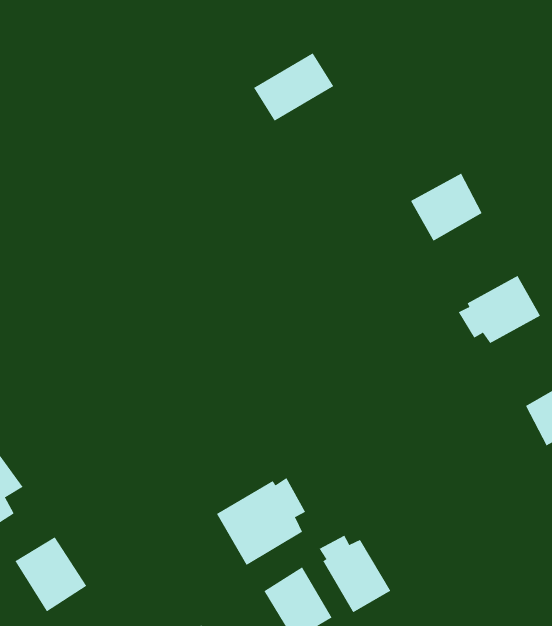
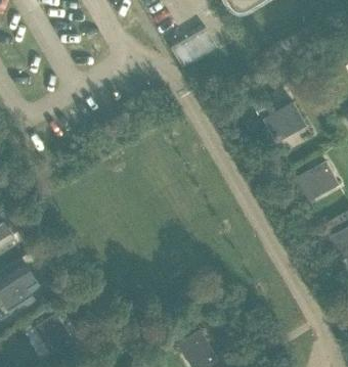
building: [216,477,306,566] -> none
building: [319,535,391,613] -> none

